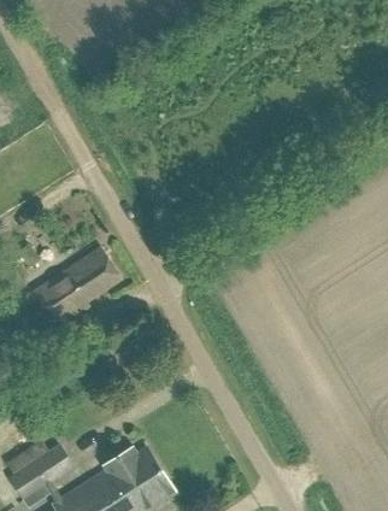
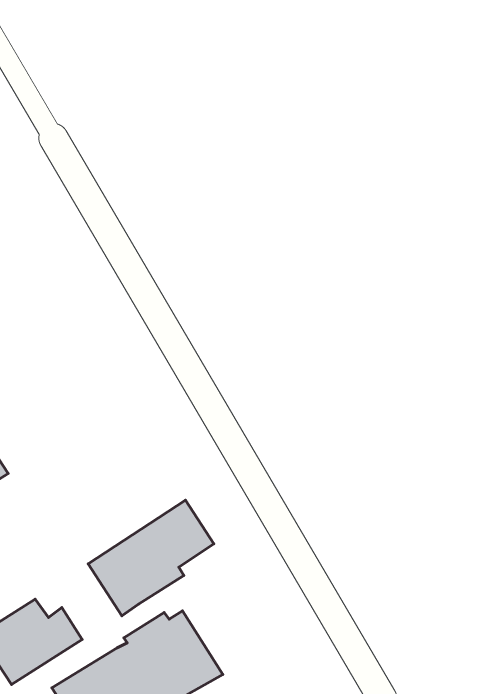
building: [30,248,120,331] -> [88,500,214,616]

